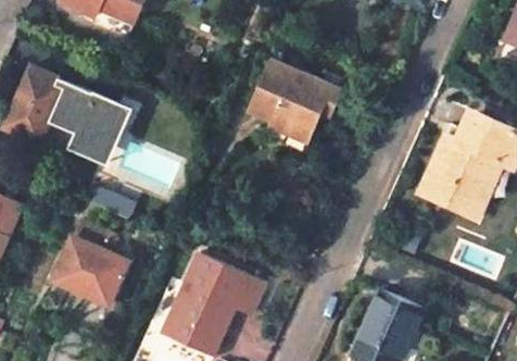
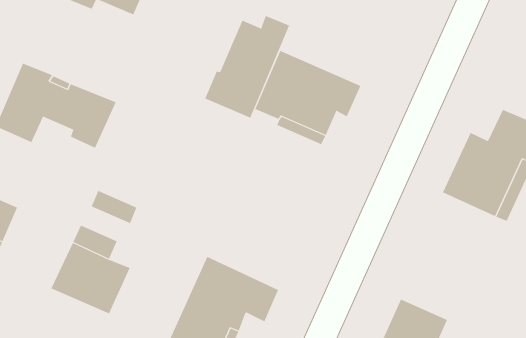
building: none -> [205,15,290,118]
building: [66,105,127,165] -> none

